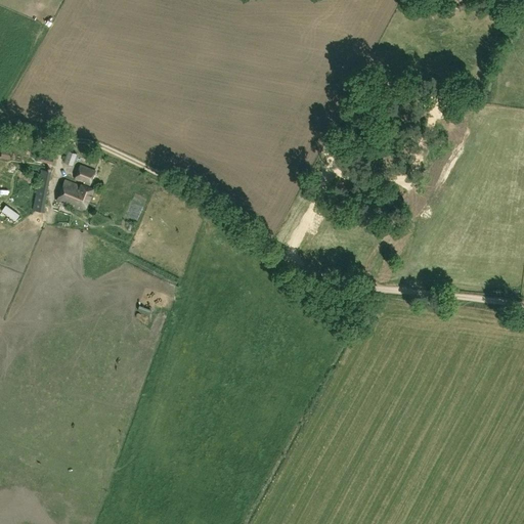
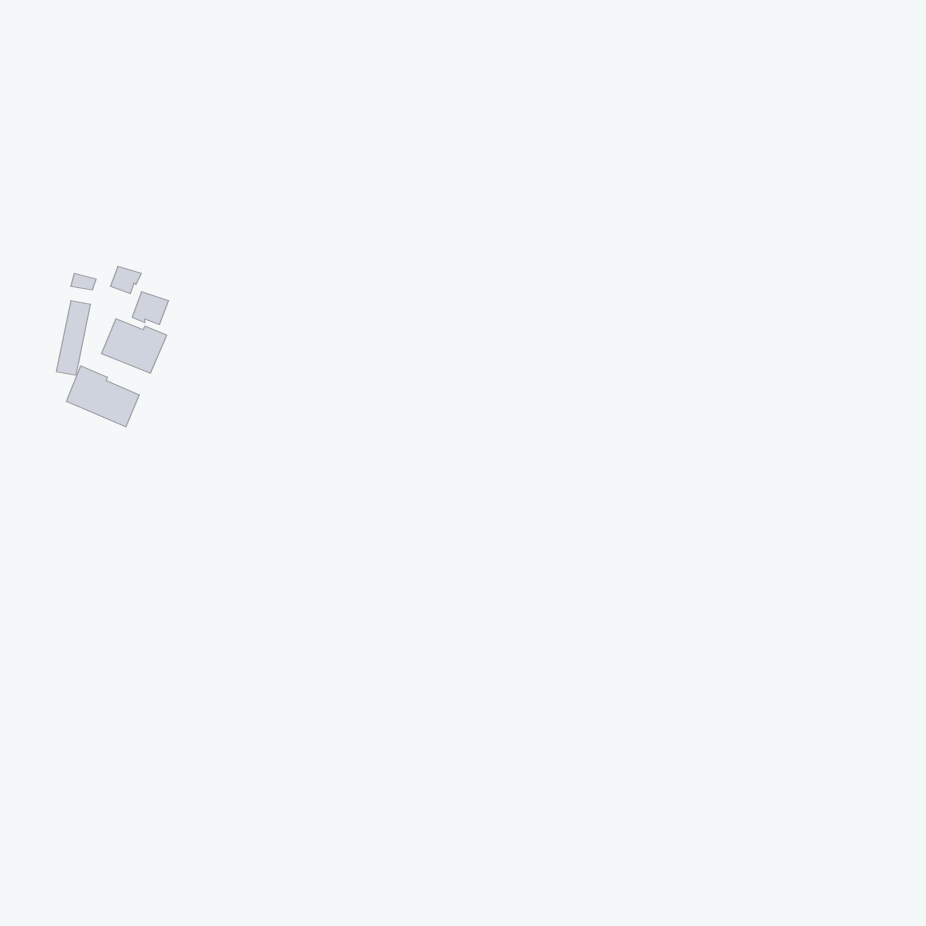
building: none -> [66,366,139,427]

